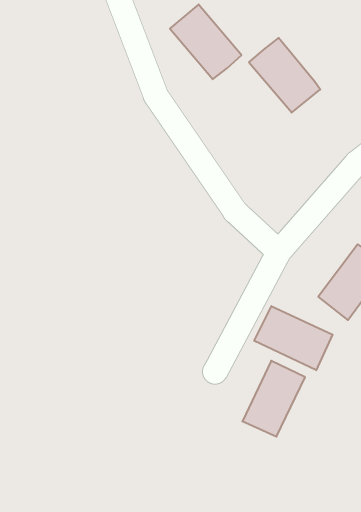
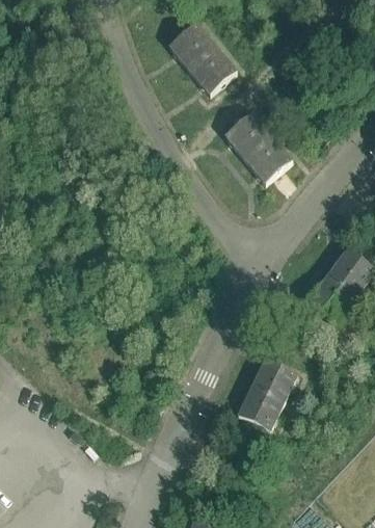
building: [249,38,320,113] -> [224,111,292,182]
building: [254,306,333,370] -> none

